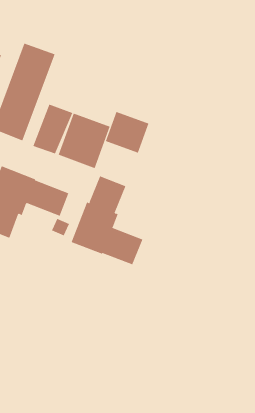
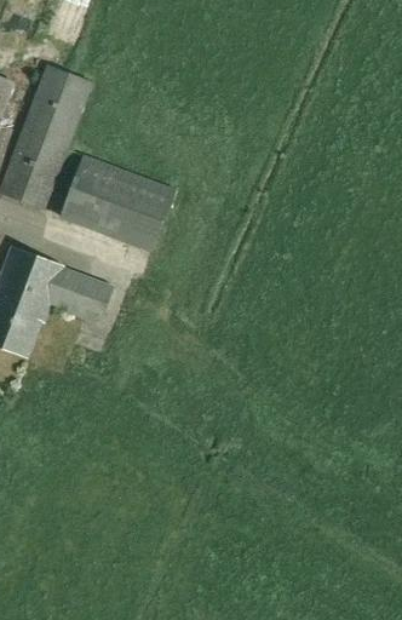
building: [105,111,149,154] -> none
building: [71,176,143,265] -> none

